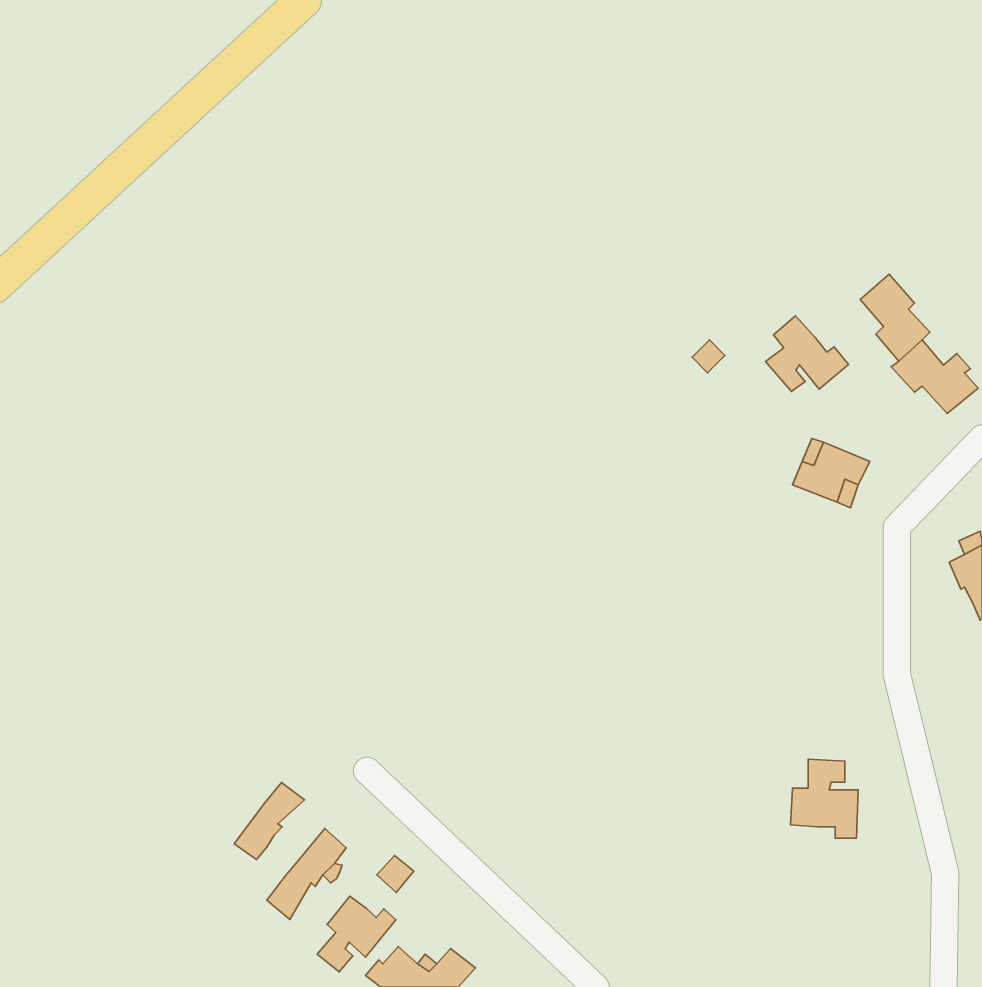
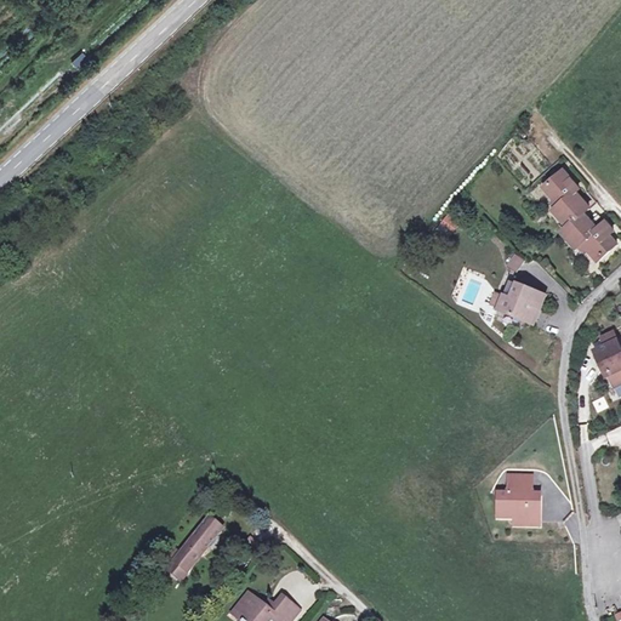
building: [765,316,849,392] -> none
building: [234,783,304,860] -> none
building: [317,896,396,972] -> none

